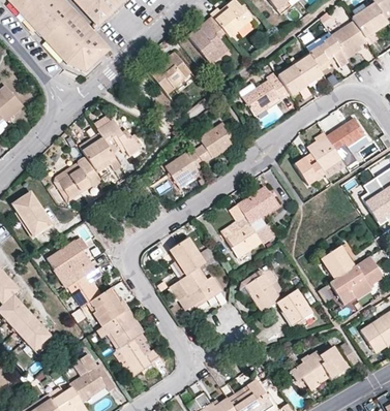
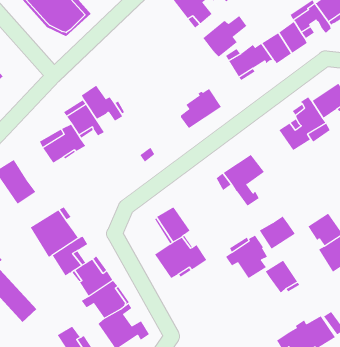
building: none -> [202,15,247,58]
building: [149,51,189,93] -> none
building: [167,150,206,187] -> none
building: [227,222,263,255] -> [259,216,295,249]

